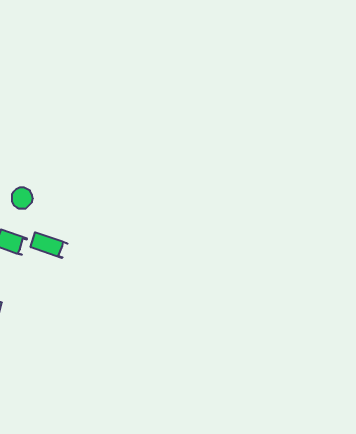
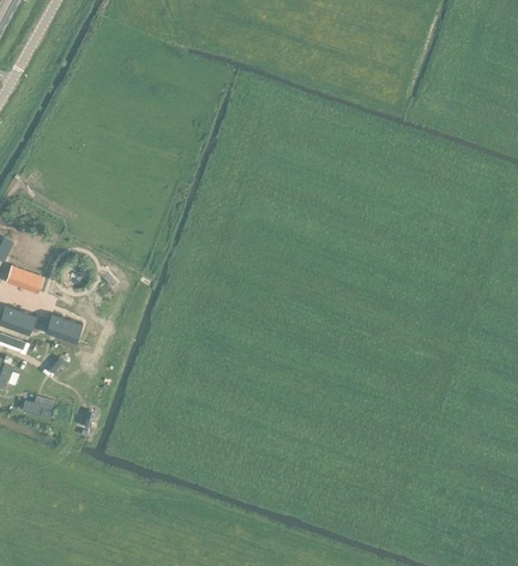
building: [31,232,68,258] -> none

